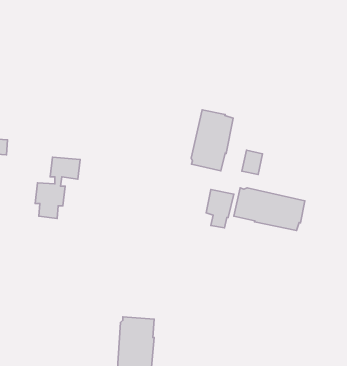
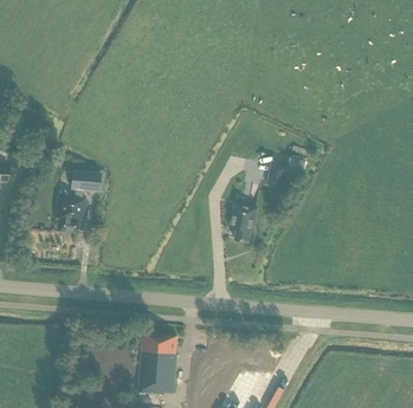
building: [191,110,233,171] -> none
building: [234,188,305,231] -> none

